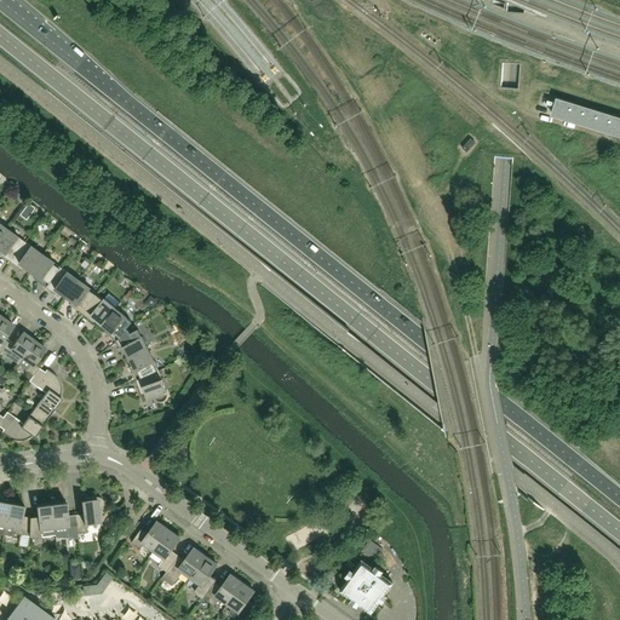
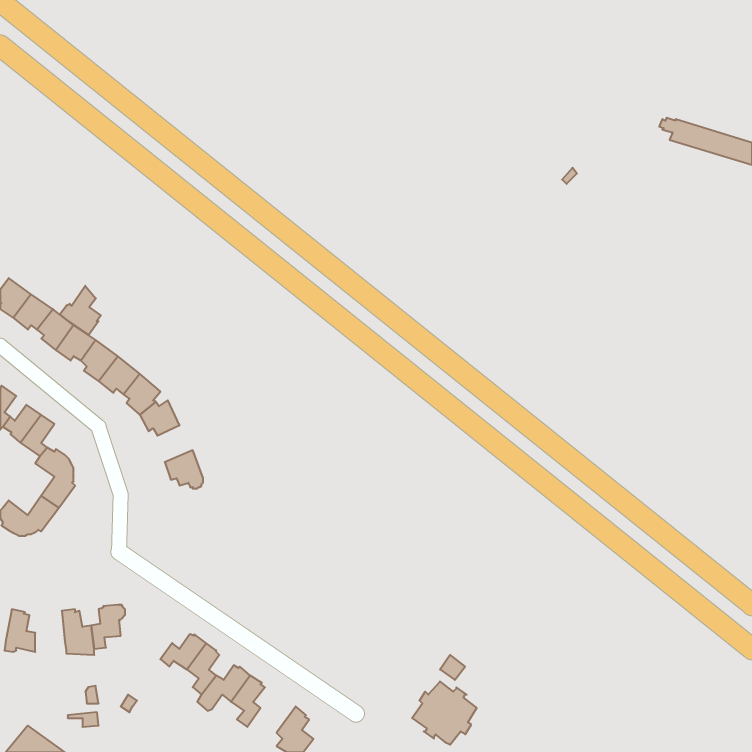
building: none -> [60,286,101,335]
building: [128,350,159,380] -> none
building: [29,503,54,536] -> none
building: [203,574,243,607] -> none

